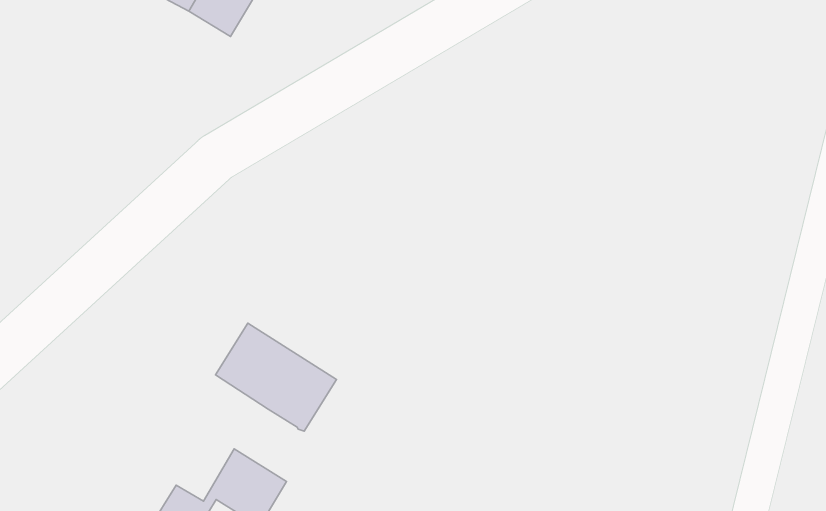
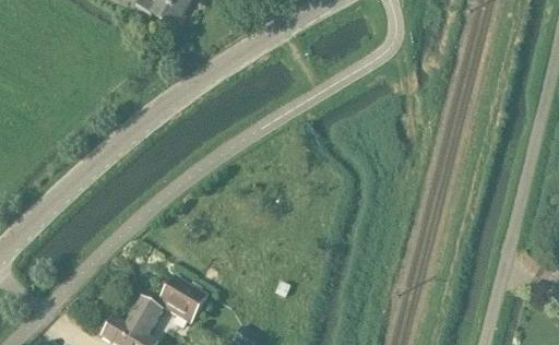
building: [216,323,336,431] -> none

